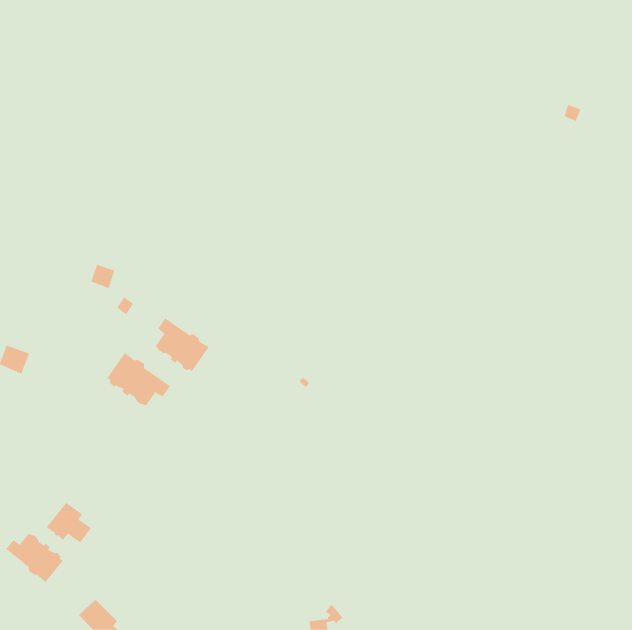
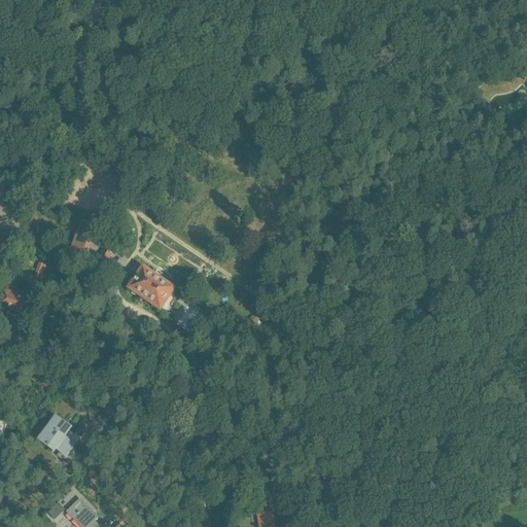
building: [107,352,171,406] -> none
building: [5,533,63,583] -> none

